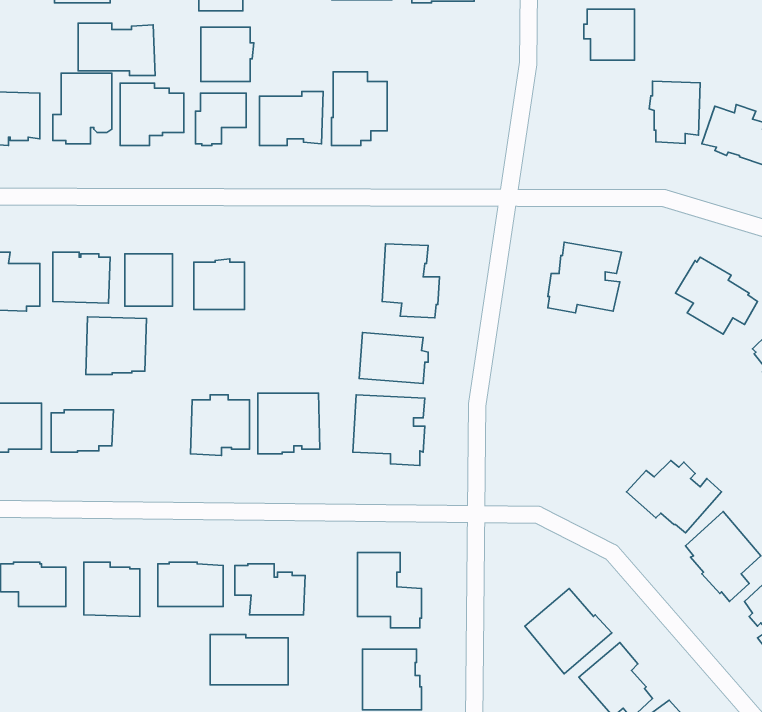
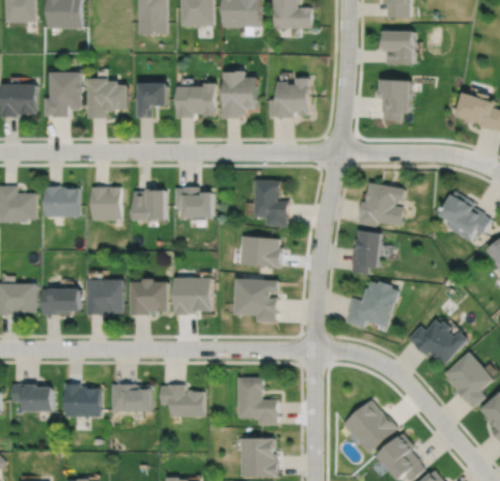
building: [78,23,155,75] -> none
building: [201,27,254,81] -> none
building: [649,81,700,143] -> [378,82,410,121]
building: none -> [269,79,309,119]
building: none -> [174,188,214,220]
building: [86,317,147,374] -> [87,278,126,314]
building: none -> [350,228,382,273]
building: none -> [345,279,398,327]
building: [210,635,288,685] -> none

